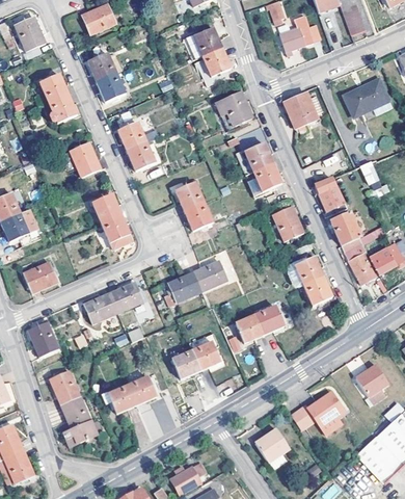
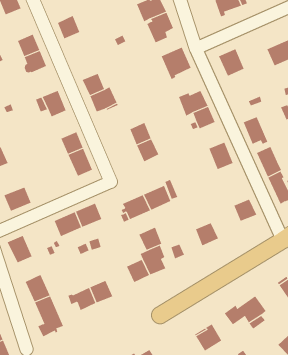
building: [97,73,126,101] -> none
building: [295,257,323,285] -> none
building: [236,314,265,343] -> [138,227,162,250]

